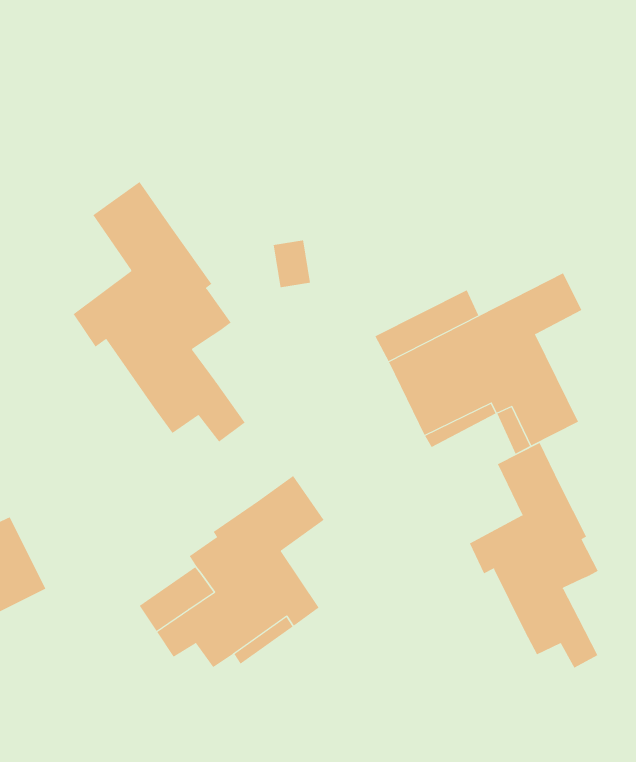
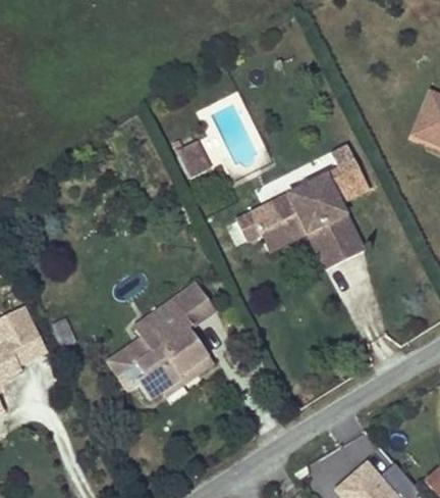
building: [73,181,245,442] -> none
building: [469,442,598,668] -> none

